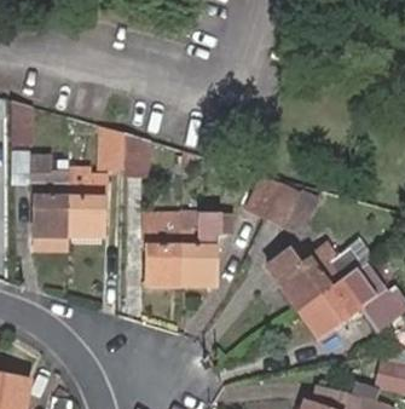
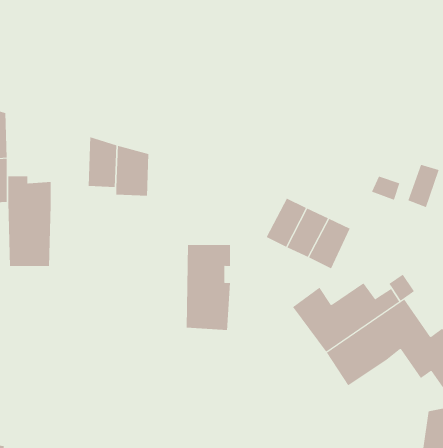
building: [66,175,102,234] -> none
building: [144,214,180,284] -> none

